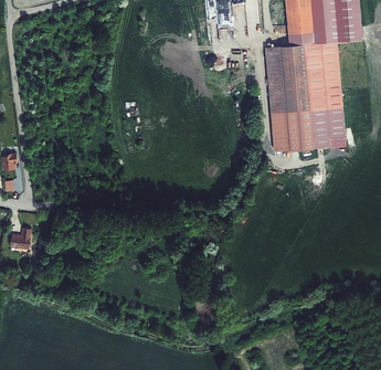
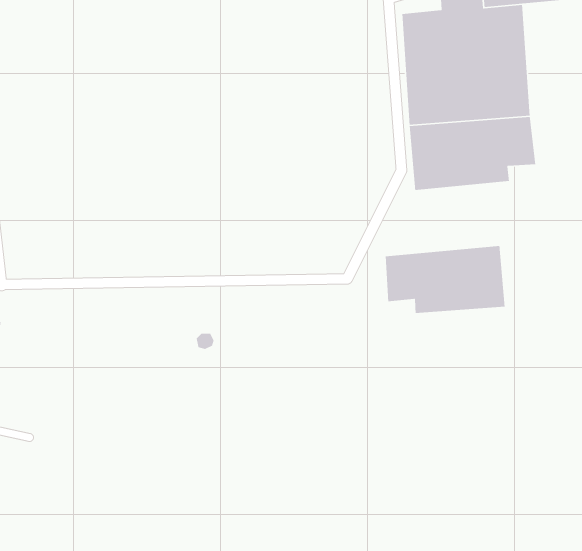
building: none -> [385,245,506,314]

